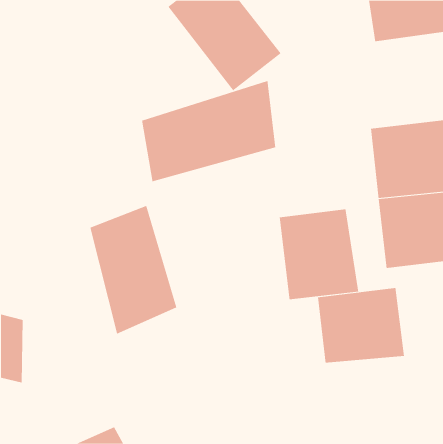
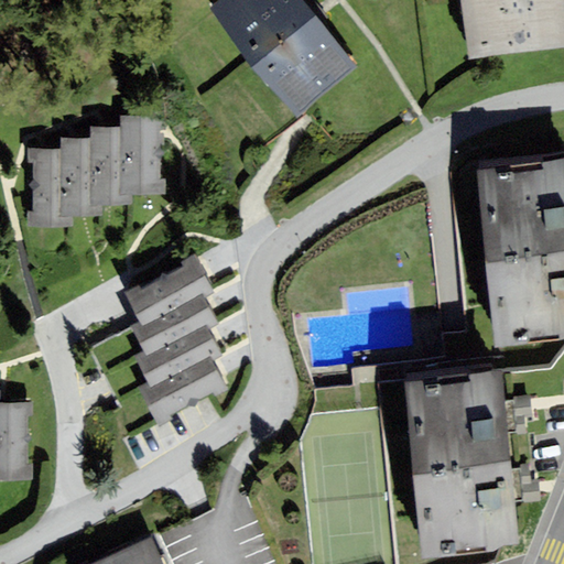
building: [142,80,276,182] -> none
building: none -> [20,109,166,234]
building: [279,209,359,300] -> none
building: none -> [413,452,525,558]

